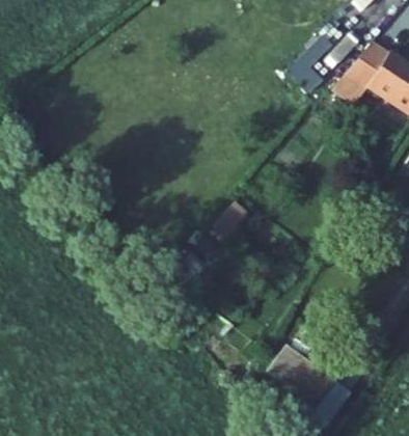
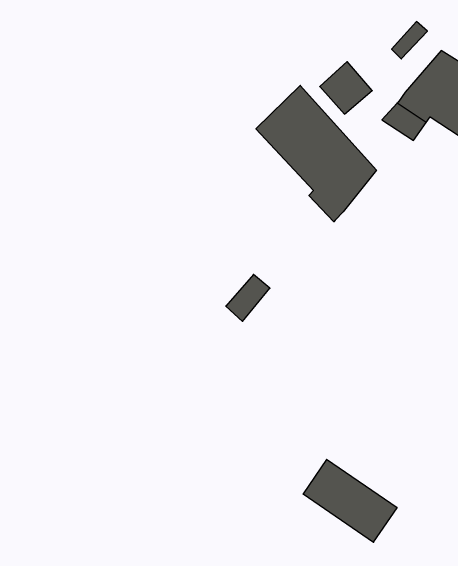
building: none -> [256,85,376,222]

